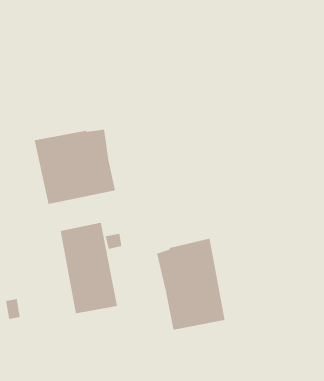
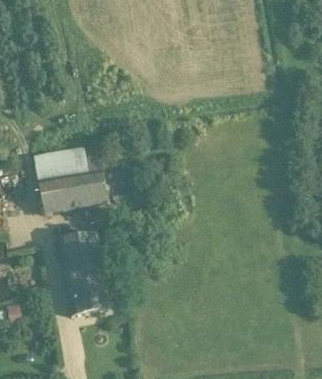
building: [156,238,225,331] -> none

